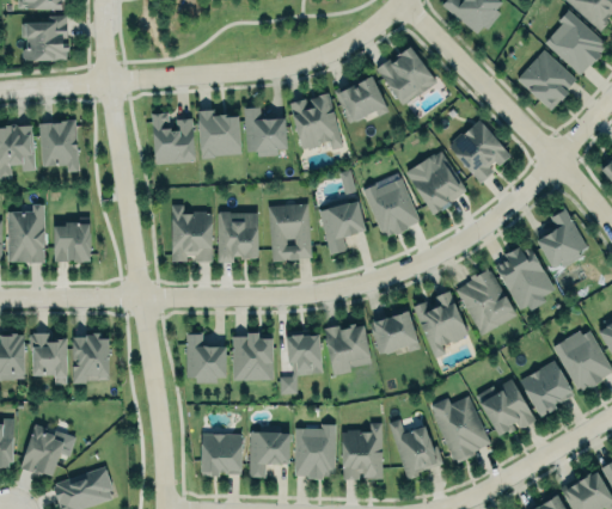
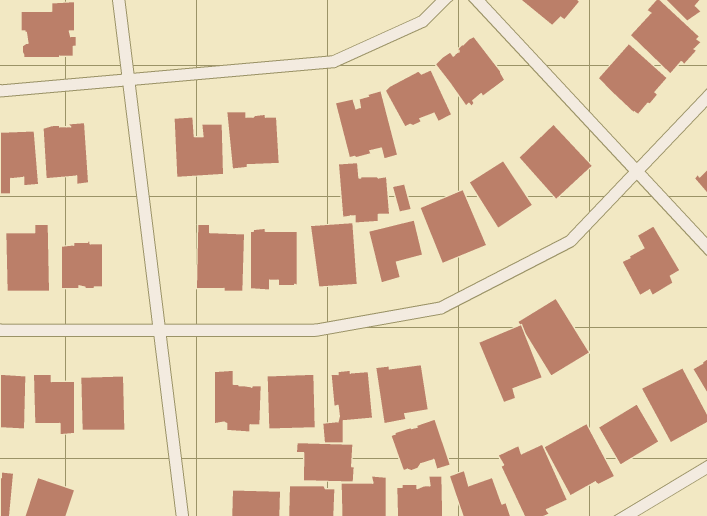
building: [244,104,288,155] -> [338,163,390,223]
building: [495,244,555,308] -> none
building: [369,308,421,352] -> [391,419,451,471]
building: none -> [296,442,354,482]

